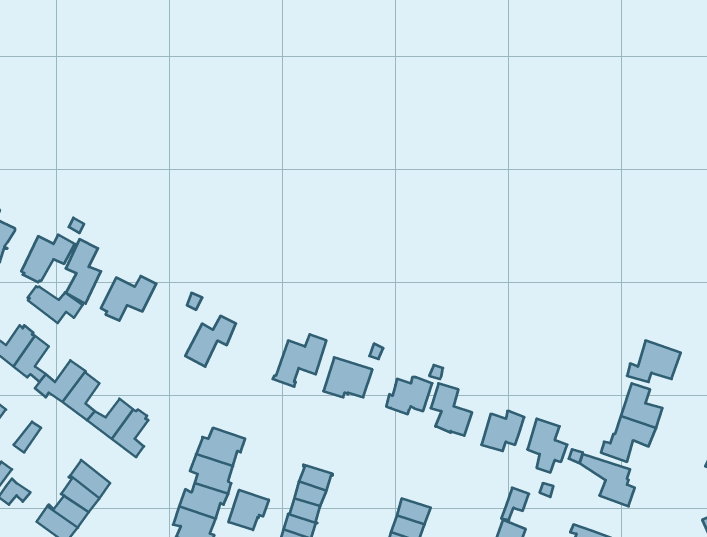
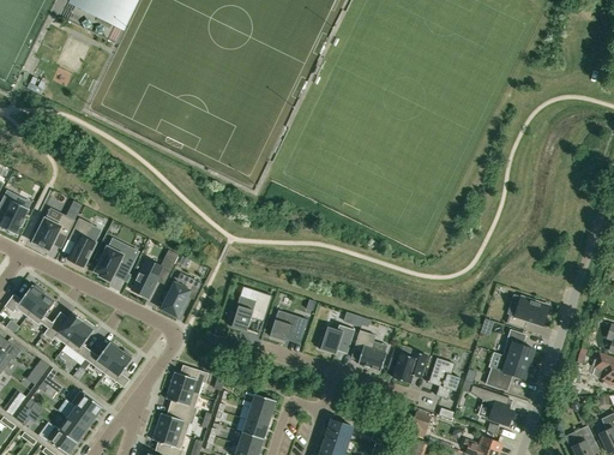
building: [28,286,83,323] -> none
building: none -> [132,262,162,297]
building: [229,490,269,530] -> none

